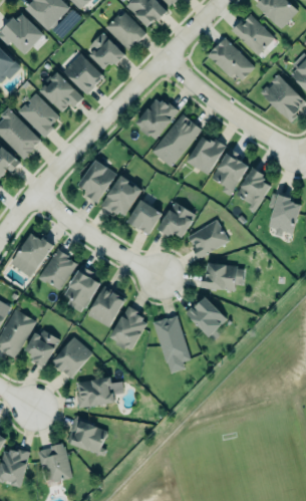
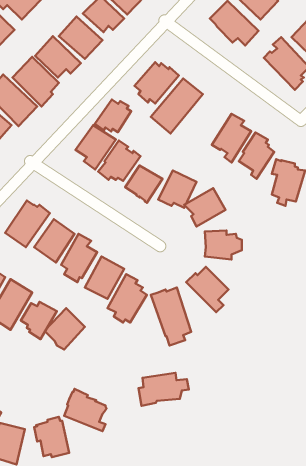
building: none -> [95,99,131,132]
building: [187,136,225,175] -> none
building: [70,378,119,410] -> [138,373,189,406]

